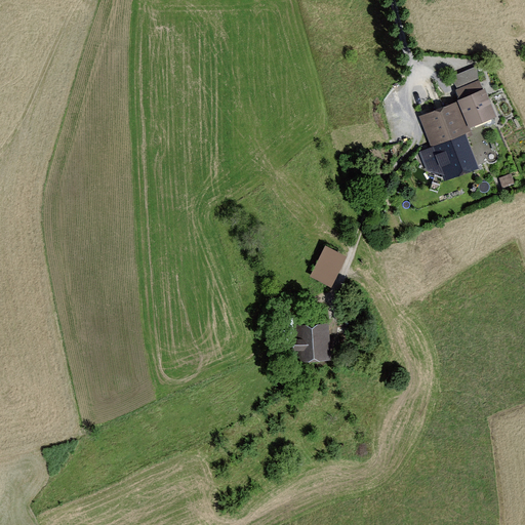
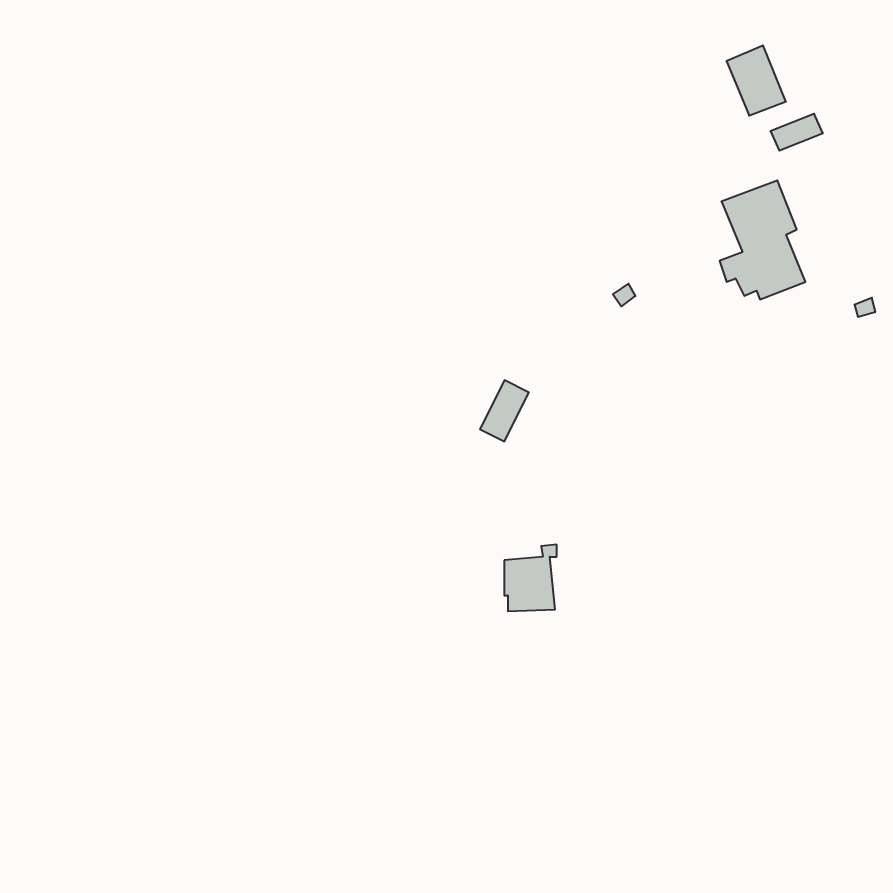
building: [458,83,493,124] -> [726,45,786,116]
building: [313,247,341,283] -> [480,380,529,441]

